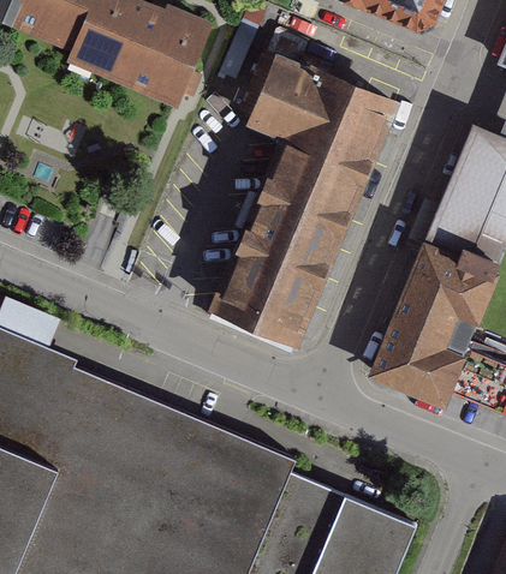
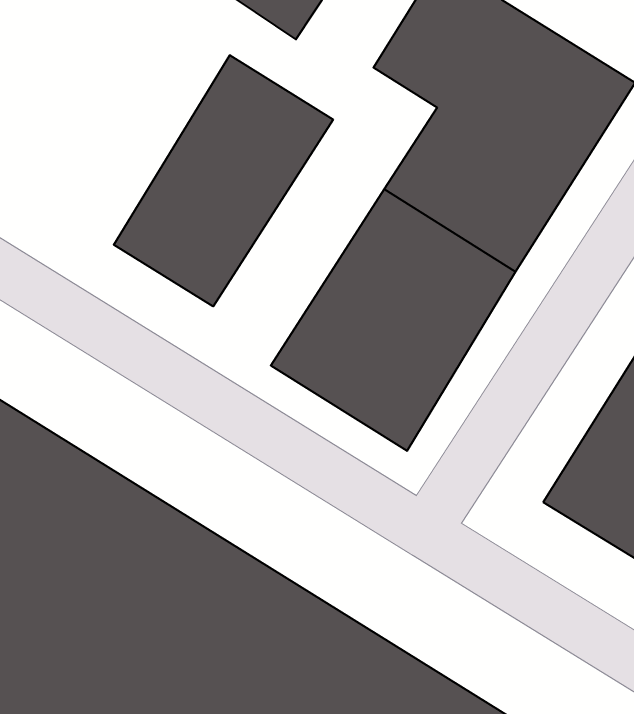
building: none -> [114,55,333,306]

